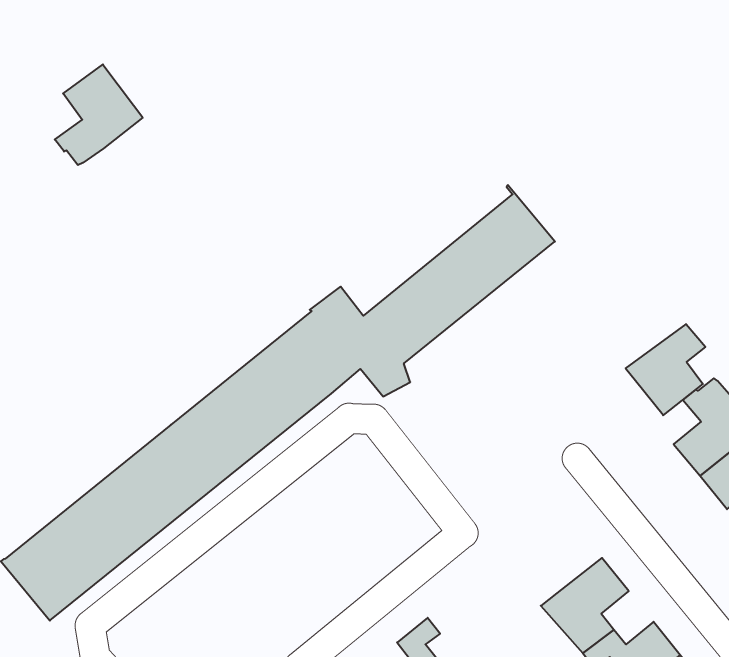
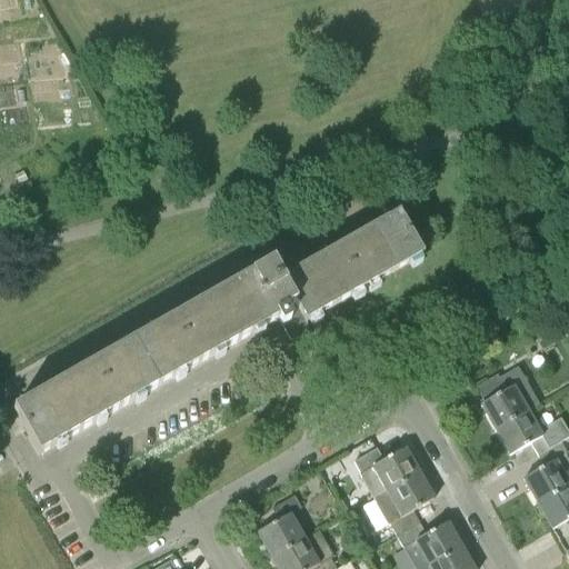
building: [55,64,143,165] -> none
building: [626,324,705,415] -> none
building: none -> [352,441,418,486]

